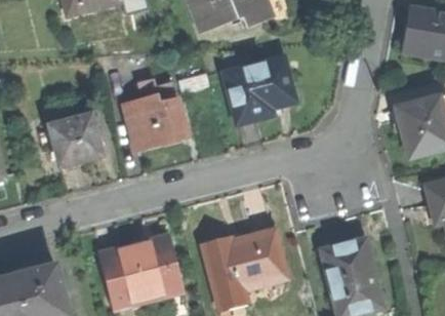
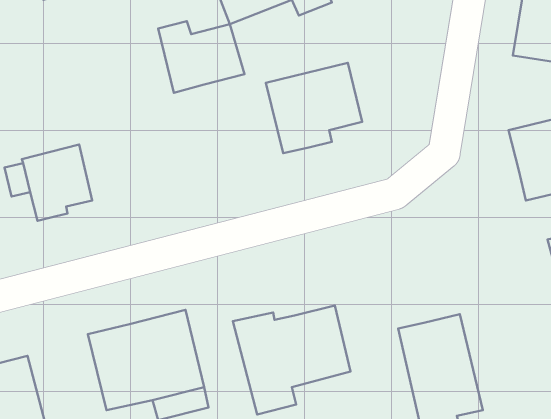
building: [125,100,187,151] -> [158,21,244,93]

